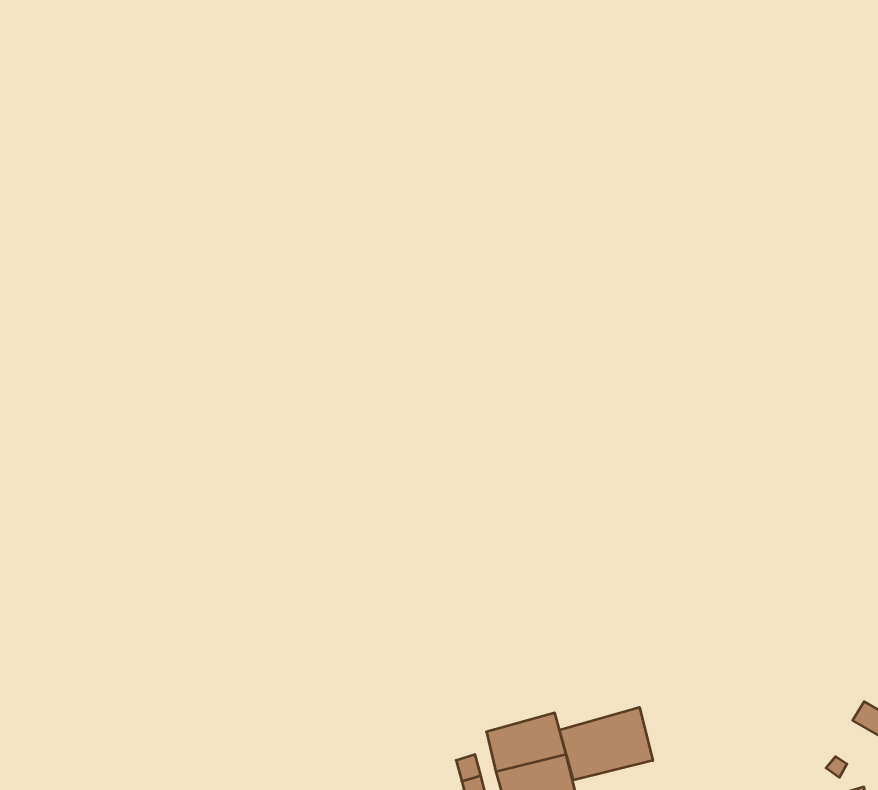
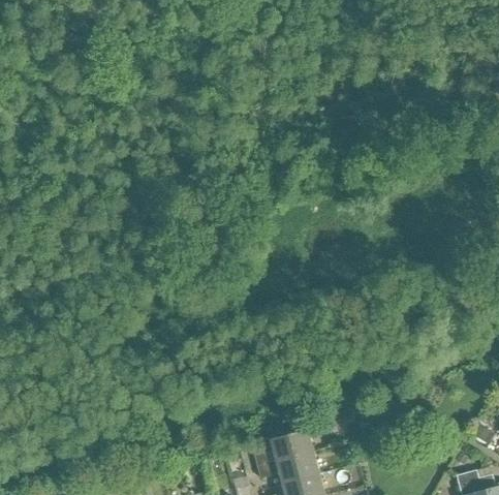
building: [559,707,653,780] -> none

